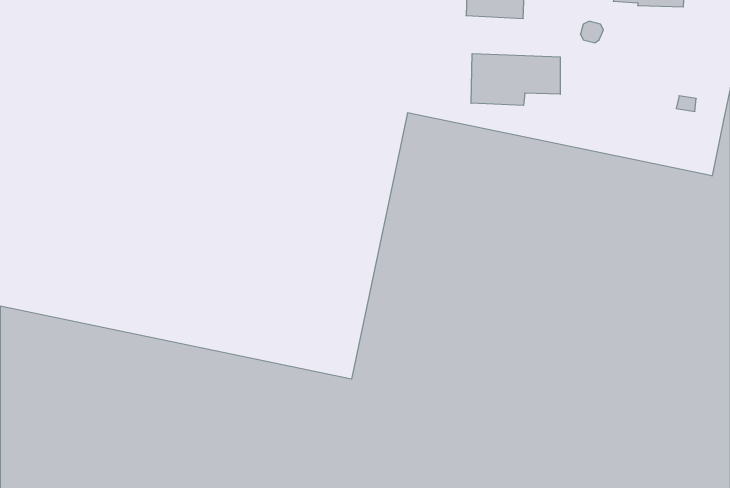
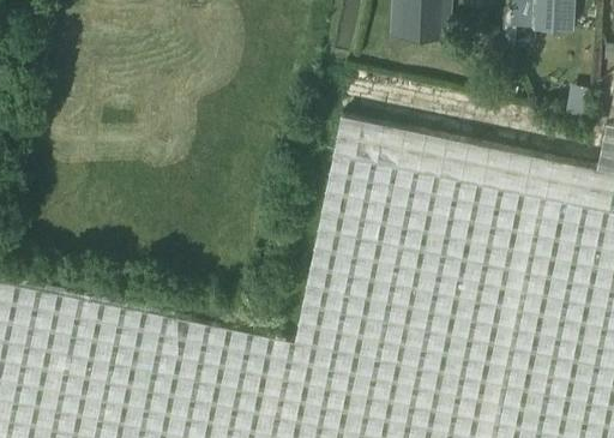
building: [471,54,560,105] -> none

